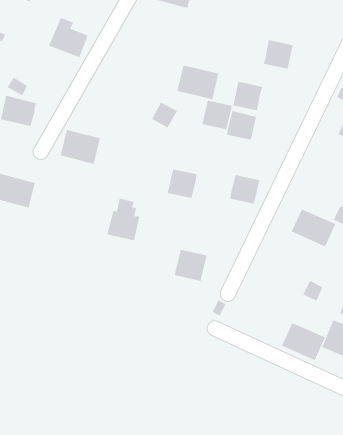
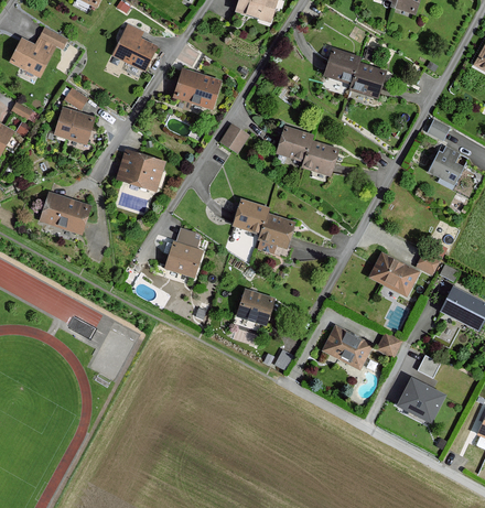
building: [176,65,219,100] -> [172,68,220,109]
building: [232,81,263,111] -> [323,50,358,84]
building: [229,175,260,204] -> [260,213,295,247]
building: [281,322,326,361] -> [322,325,371,369]

